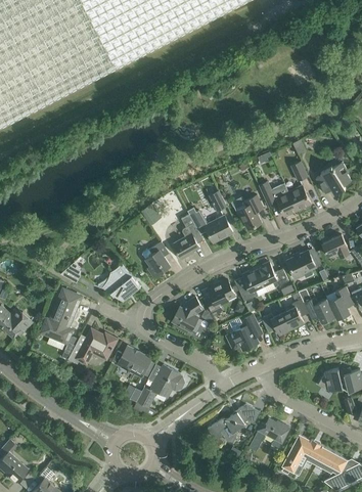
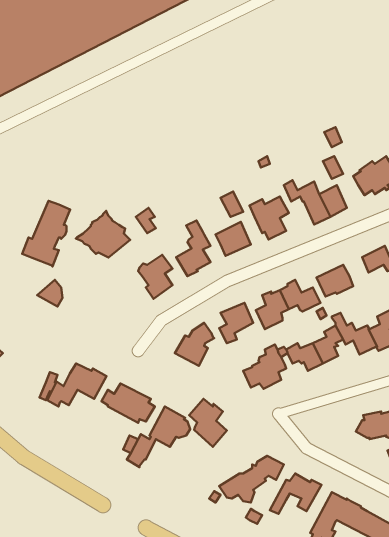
building: [97,262,141,300] -> [76,211,130,258]
building: [42,288,81,342] -> [22,201,70,267]
building: none -> [189,399,227,447]

